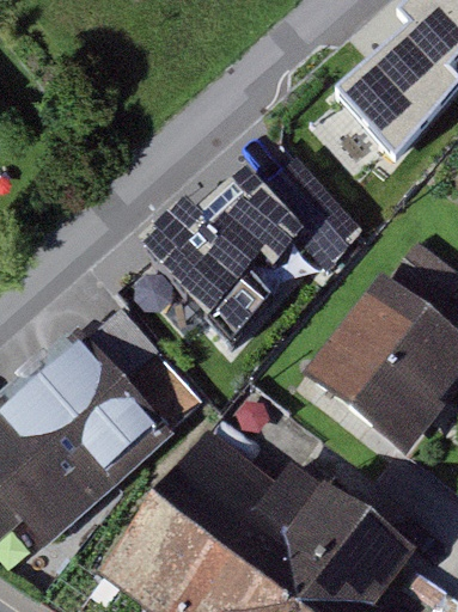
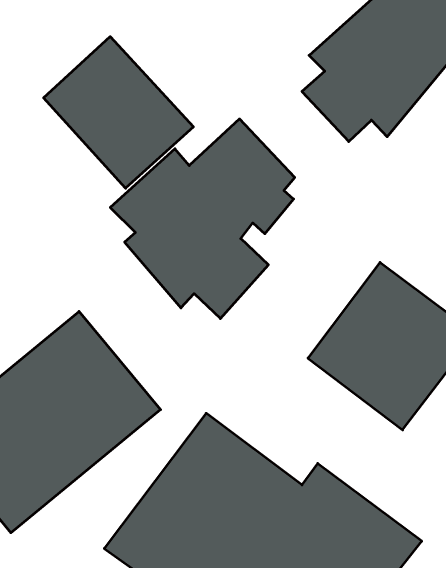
building: none -> [44,37,193,188]

